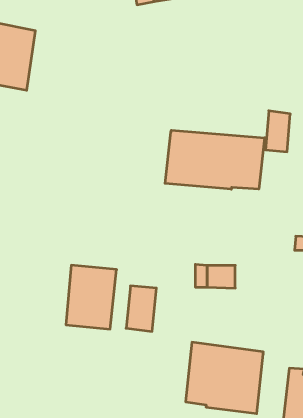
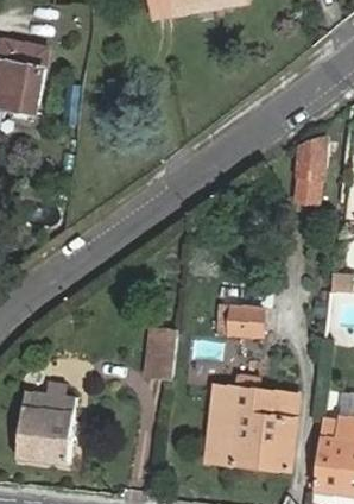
building: [165,130,265,189] -> none
building: [66,265,117,329] -> [17,392,72,462]

